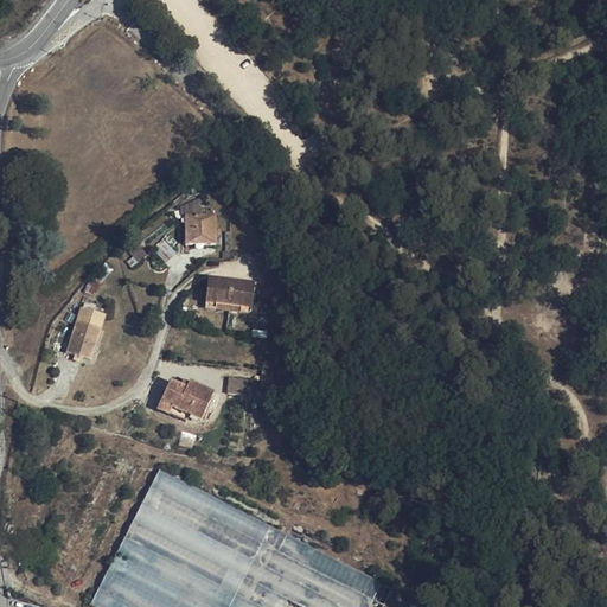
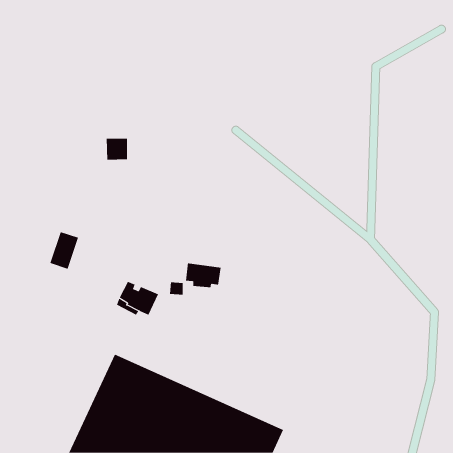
building: [185,216,215,245] -> [106,138,128,160]
building: [204,280,253,313] -> [185,263,222,288]

